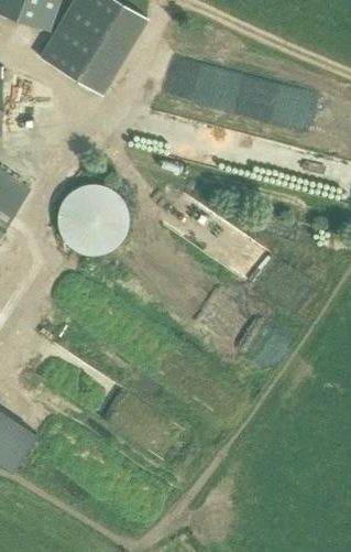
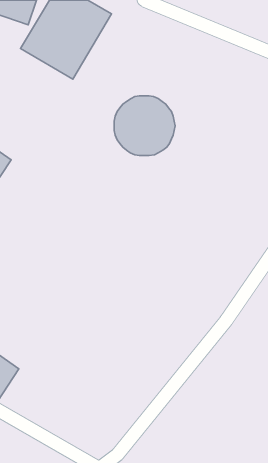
building: [57,184,129,255] -> [114,96,175,156]

